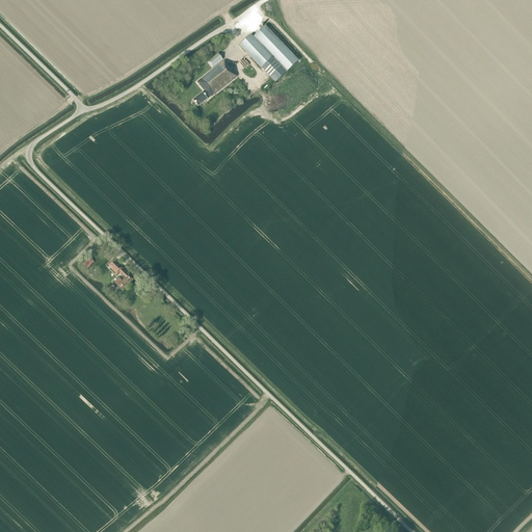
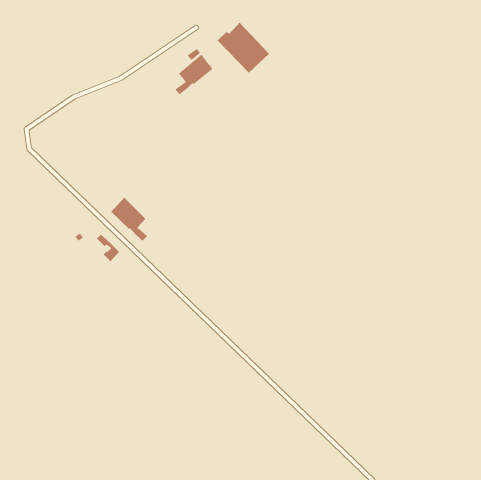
building: none -> [110,197,148,242]

